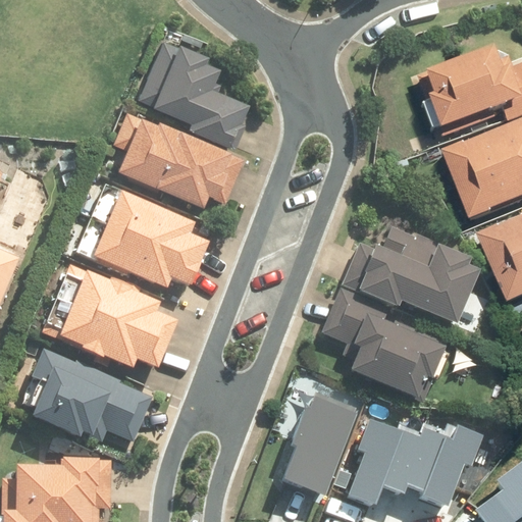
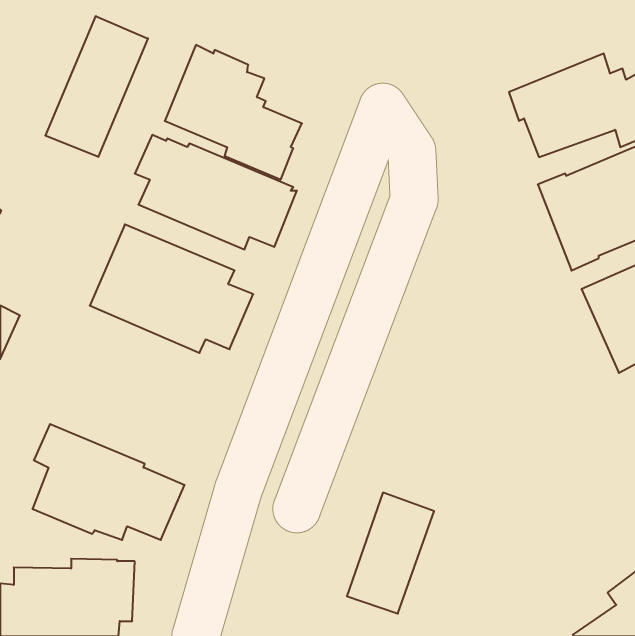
building: none -> [45,16,148,157]
building: [343,225,478,323] -> none
building: [41,263,176,368] -> none
building: [320,288,447,402] -> none
building: [349,422,483,512] -> none

